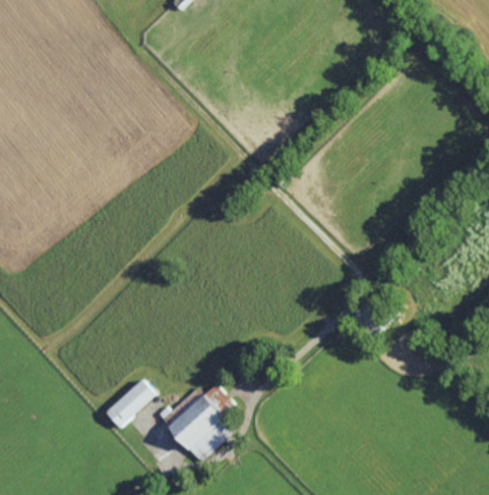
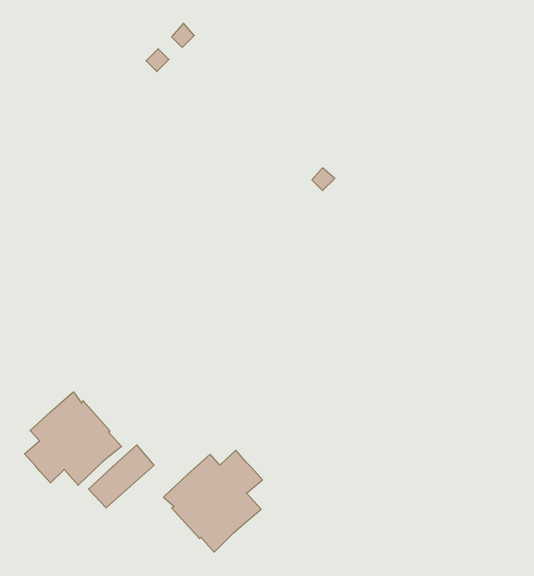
building: none -> [25,392,122,485]

